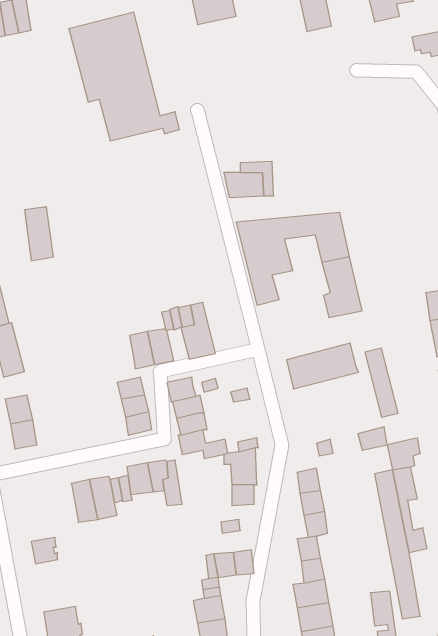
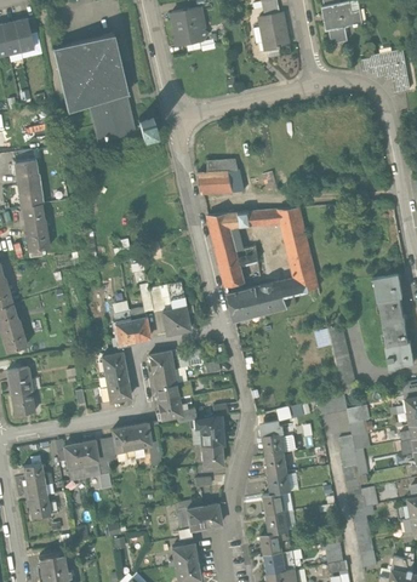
building: none -> [15,160,40,206]
building: [287,343,358,389] -> [229,281,292,321]
building: none -> [23,463,50,497]

